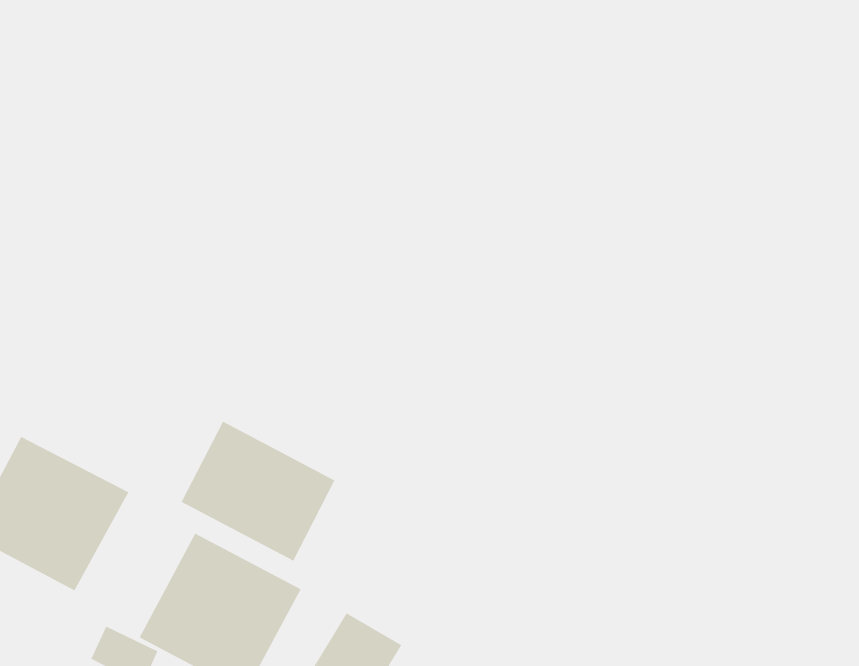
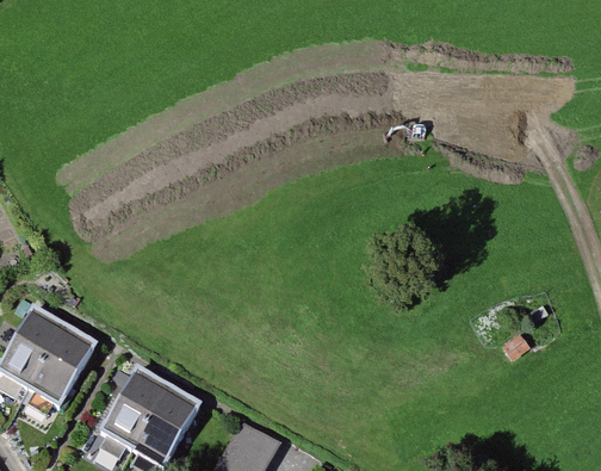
building: [181,421,335,562] -> none

